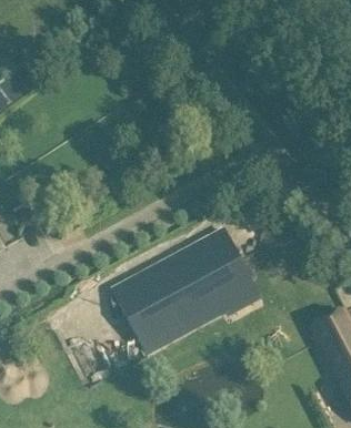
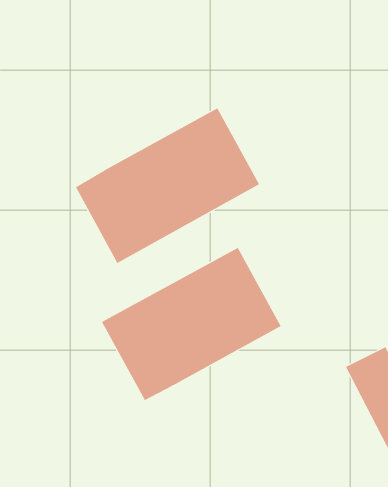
building: none -> [75,108,260,264]

